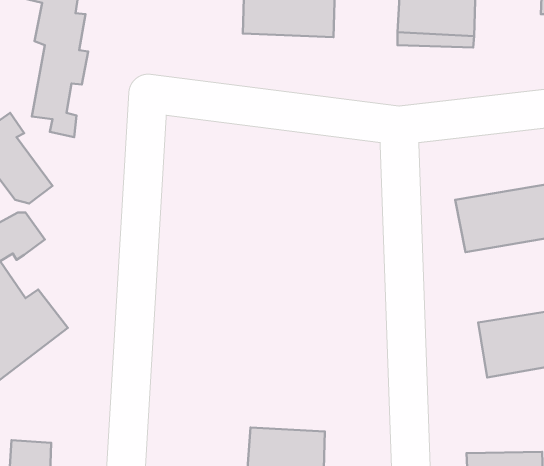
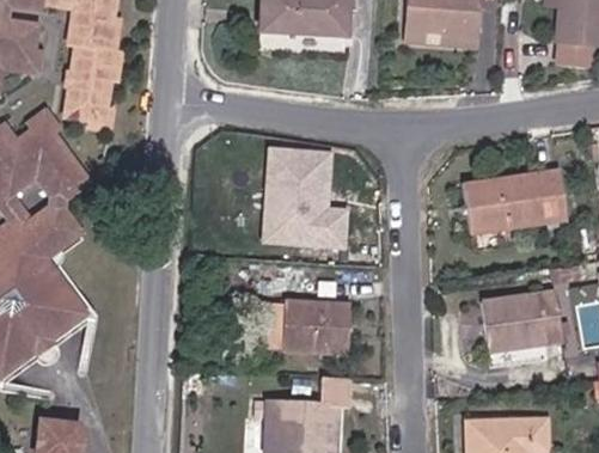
building: none -> [263,145,352,246]
building: none -> [255,299,350,355]

